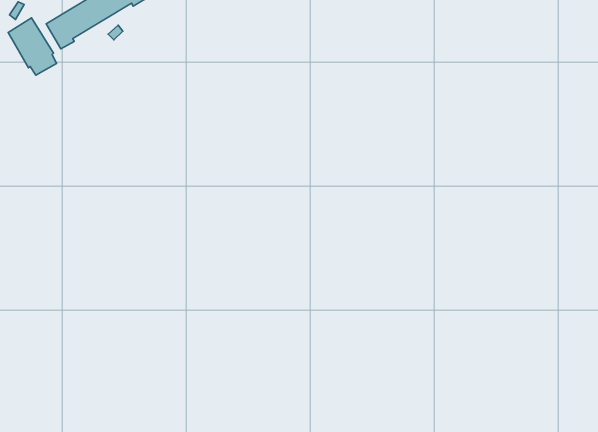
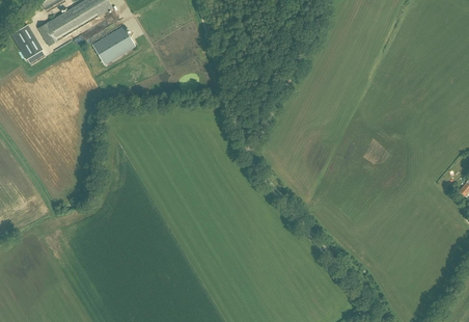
building: none -> [93,26,136,64]

